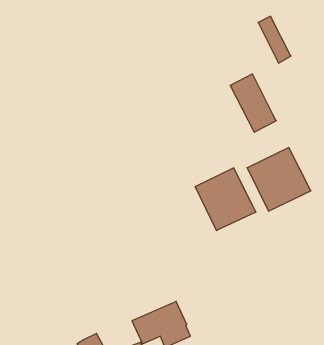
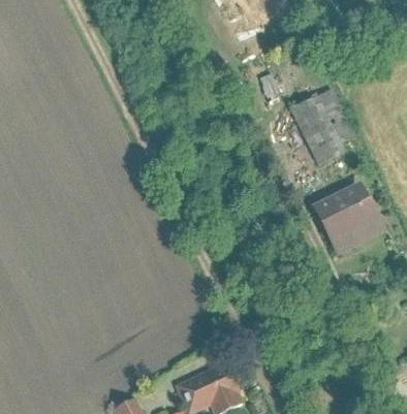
building: [258,16,291,63] -> [317,88,355,142]
building: [195,168,256,231] -> none

